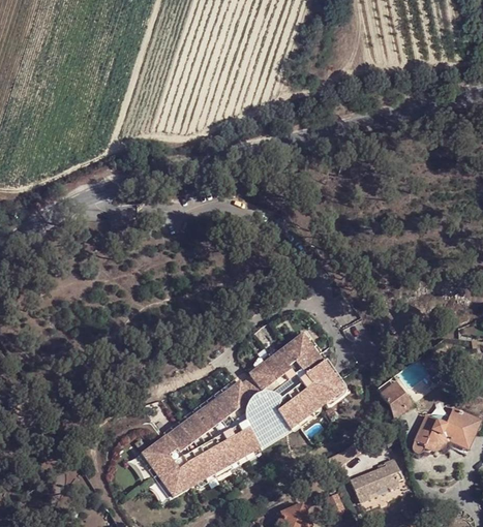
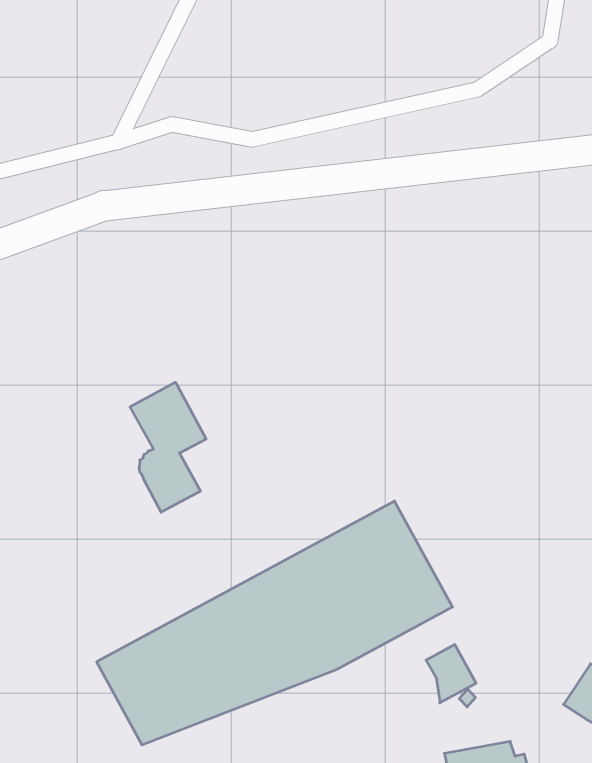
building: none -> [130,382,206,512]
building: [383,383,414,419] -> [426,645,476,703]

